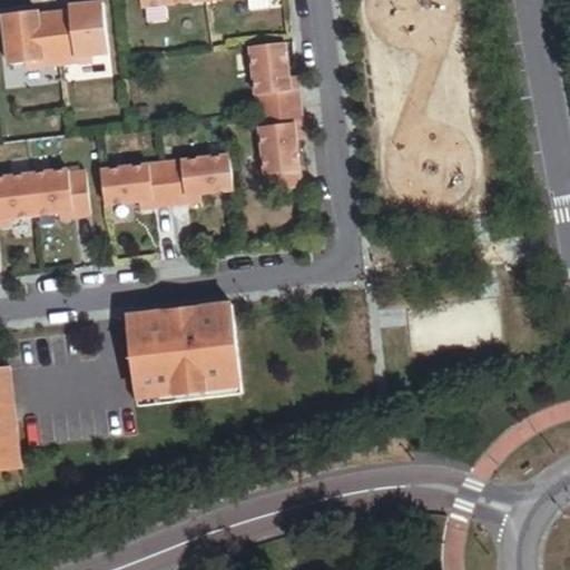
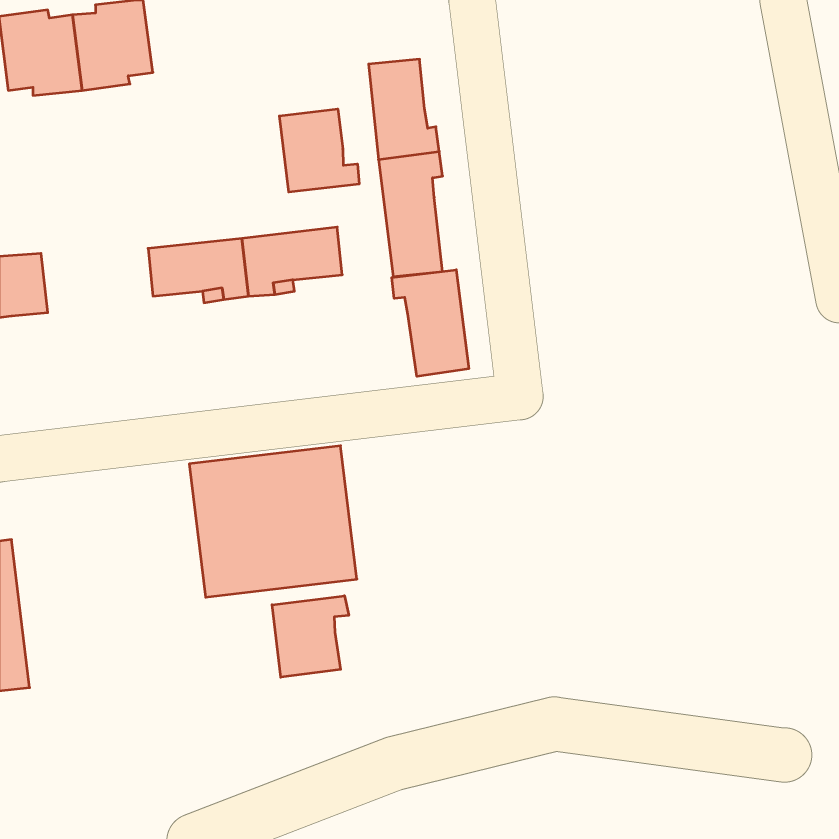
building: none -> [279,109,359,192]
building: [28,168,89,213] -> none
building: none -> [392,270,469,376]
building: none -> [272,596,349,677]

